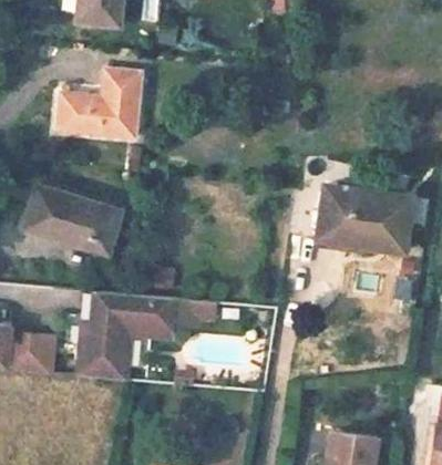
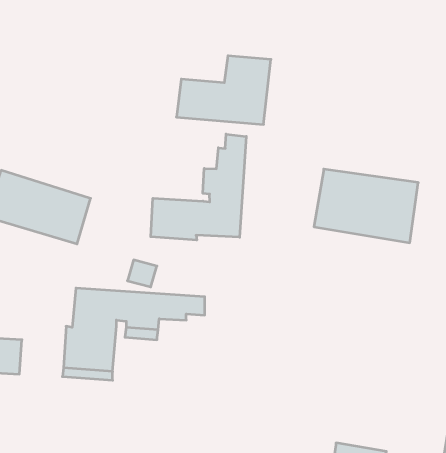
building: [66,75,152,137] -> [176,56,271,124]
building: none -> [151,134,246,240]

